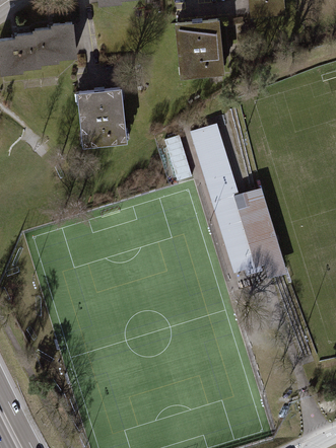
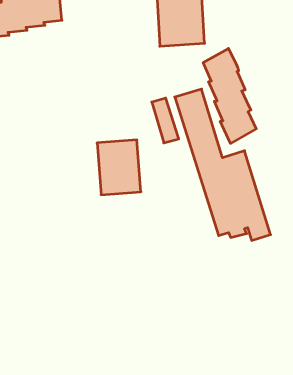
building: none -> [203,48,256,143]
building: [77,92,122,148] -> [97,140,141,195]

